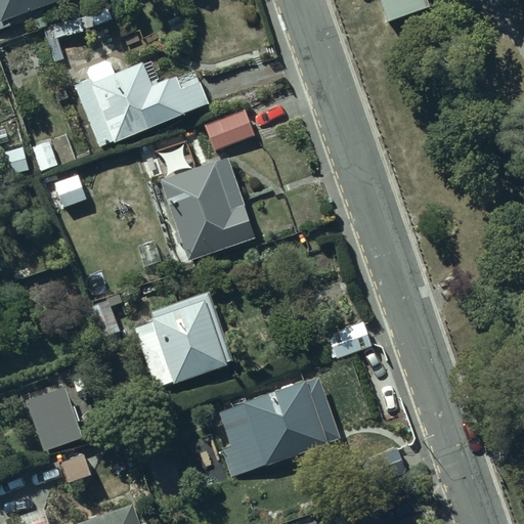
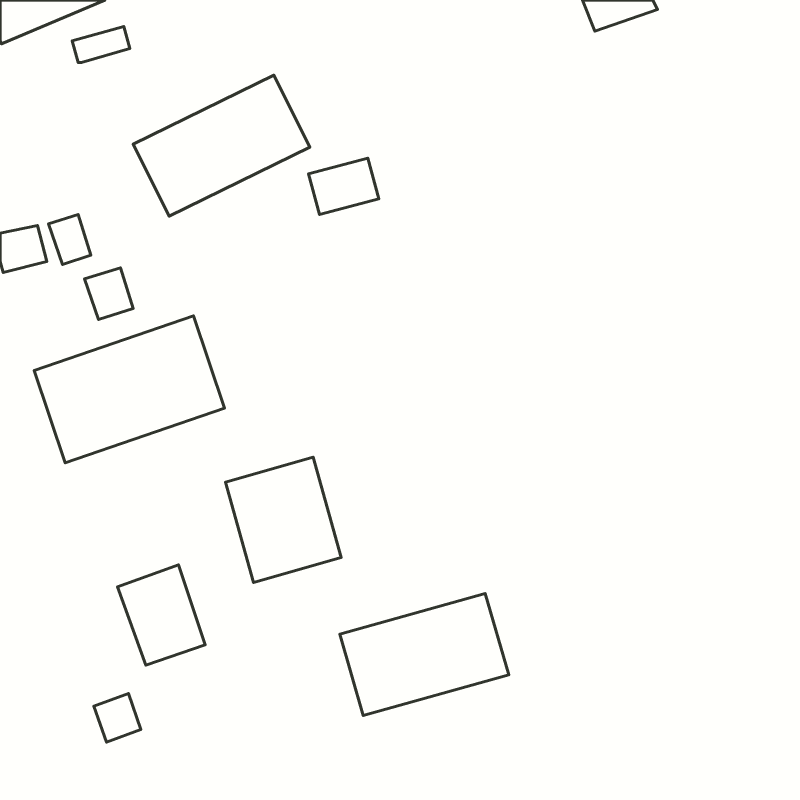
building: [159,158,250,257] -> none
building: none -> [34,316,225,463]
building: [27,387,84,452] -> [118,565,205,665]

